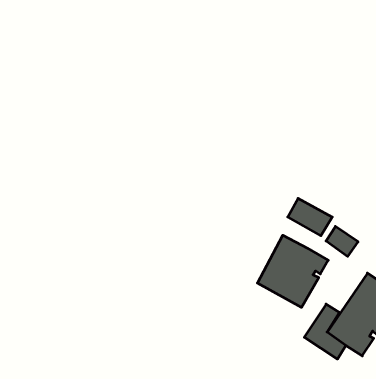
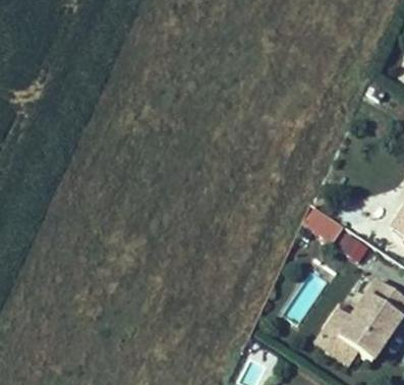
building: [257,235,328,307] -> none

